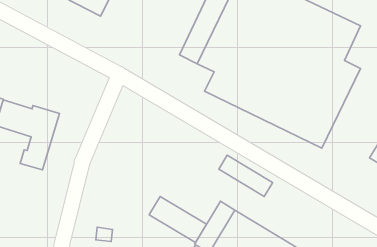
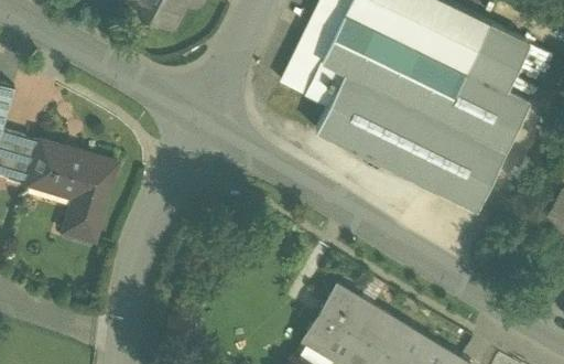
building: [219,155,272,197] -> none
building: [149,196,206,243] -> none

